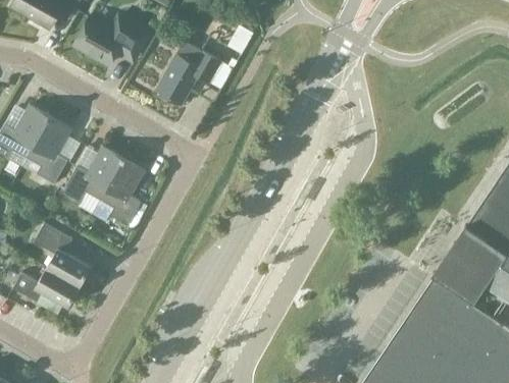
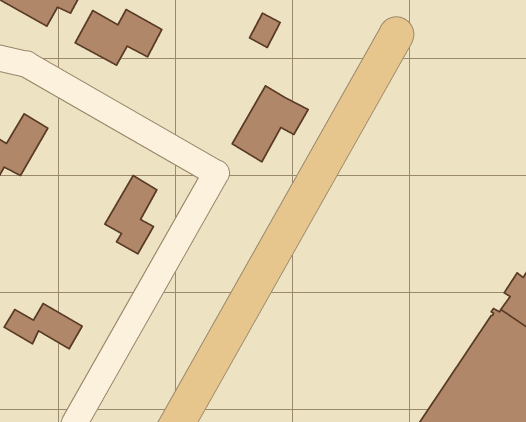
building: [156,39,221,104] -> [232,86,308,162]
building: [28,116,72,182] -> none
building: [60,146,124,205] -> none
building: [34,222,92,286] -> none

